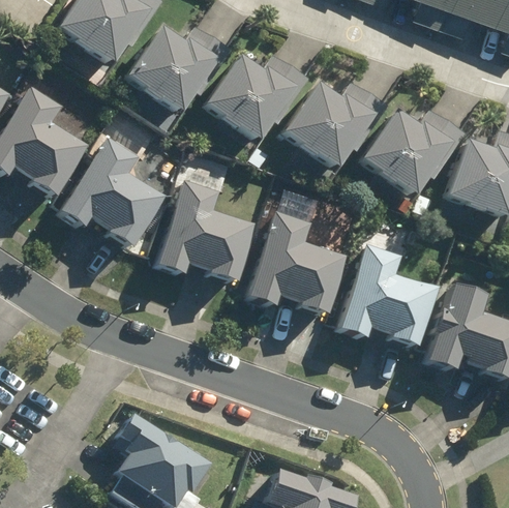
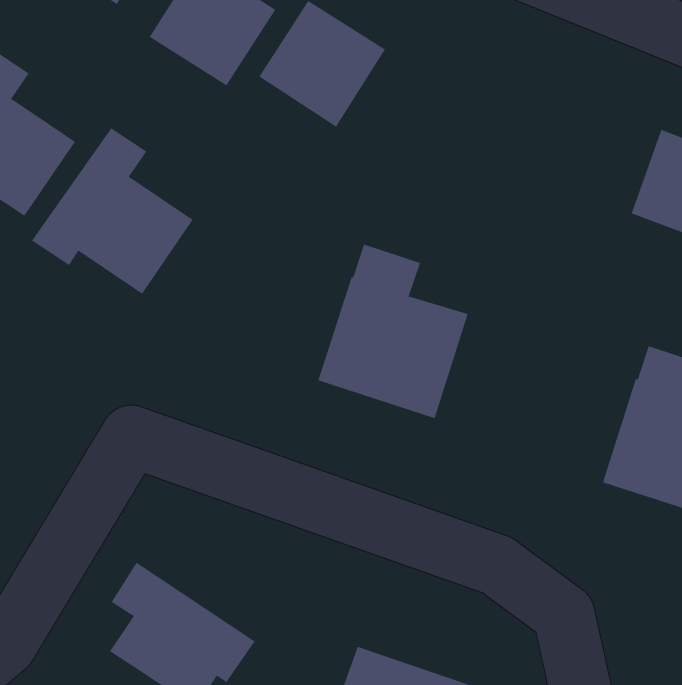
building: [290,80,372,161] -> none
building: [368,108,451,190] -> none
building: [153,176,251,290] -> none
building: [336,243,435,357] -> none

